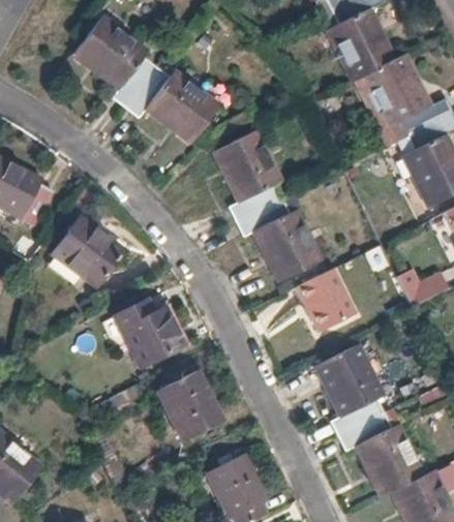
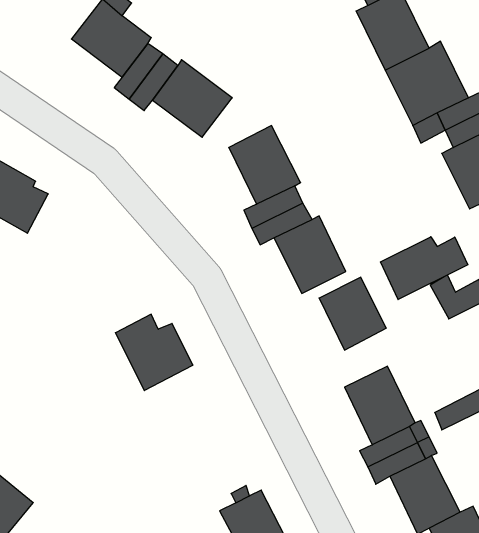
building: [52,219,122,287] -> none
building: none -> [381,237,468,300]
building: [158,371,222,442] -> none

